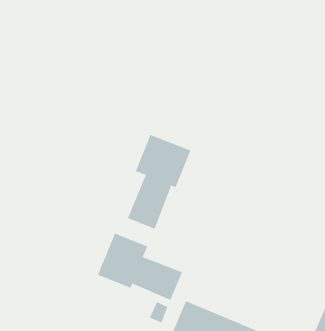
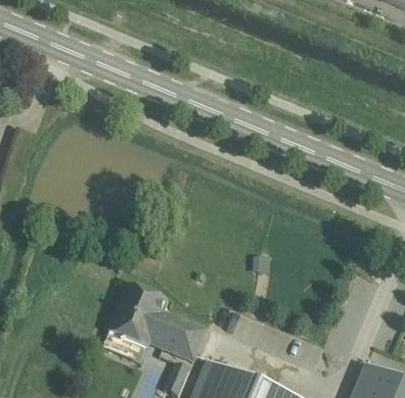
building: [127,134,191,229] -> none

